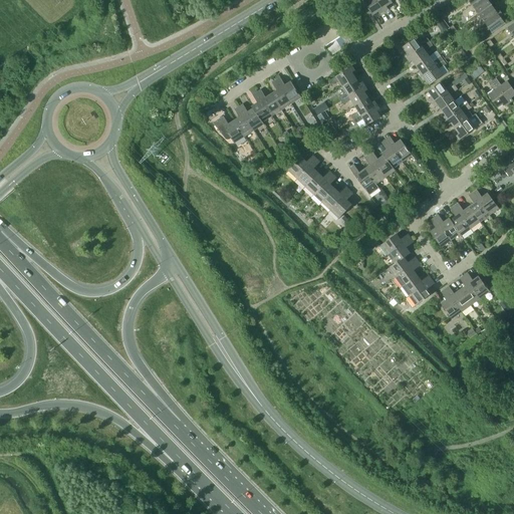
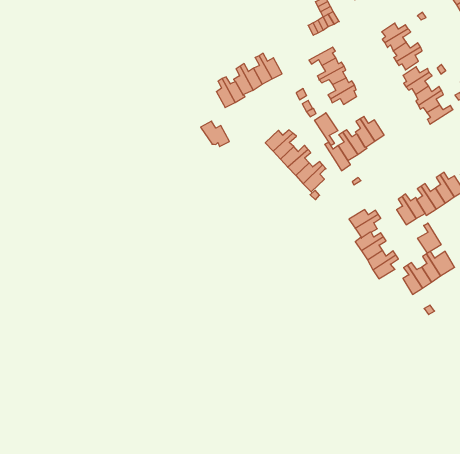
building: [213,115,244,142] -> [201,121,229,147]
building: none -> [315,113,338,146]
building: none -> [418,223,441,253]

